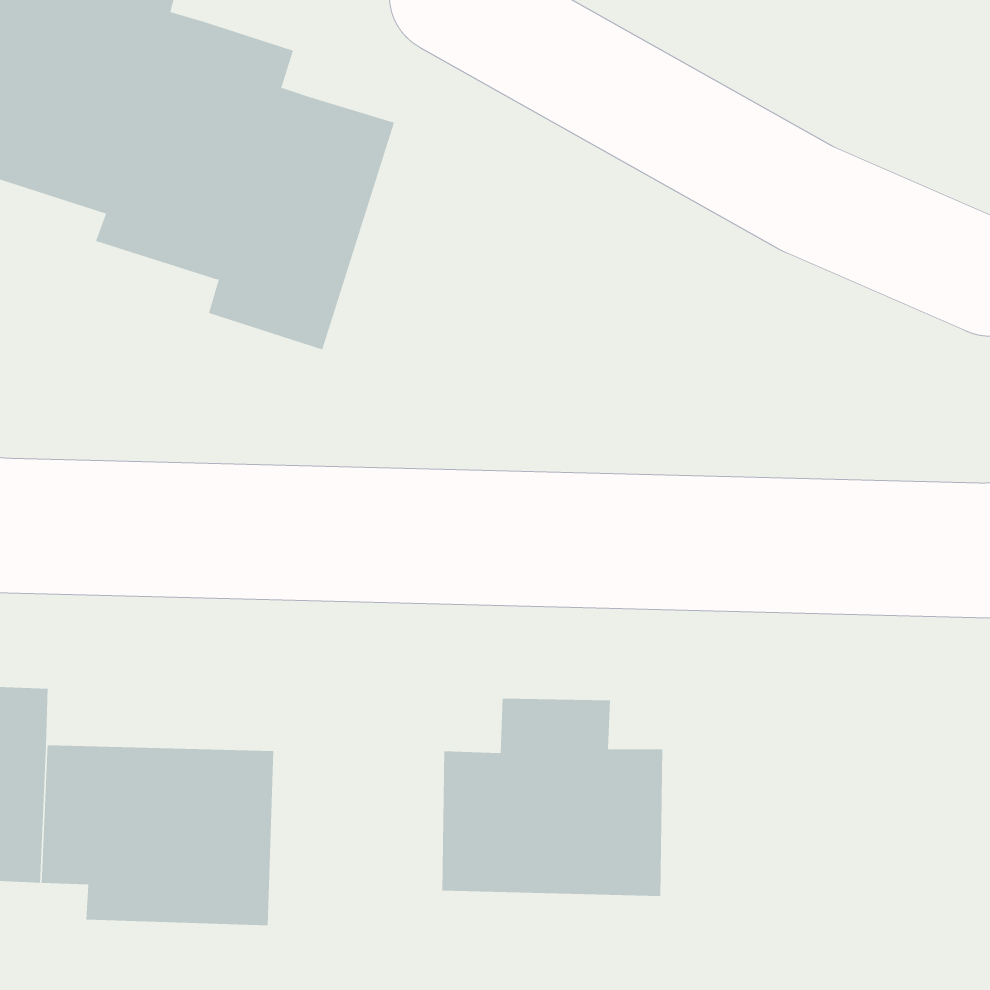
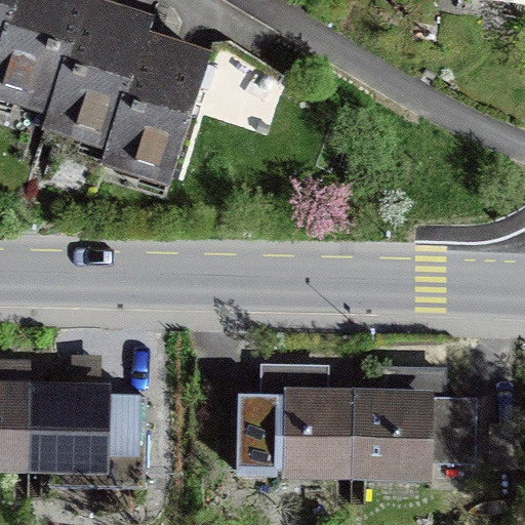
building: none -> [349,369,468,474]

